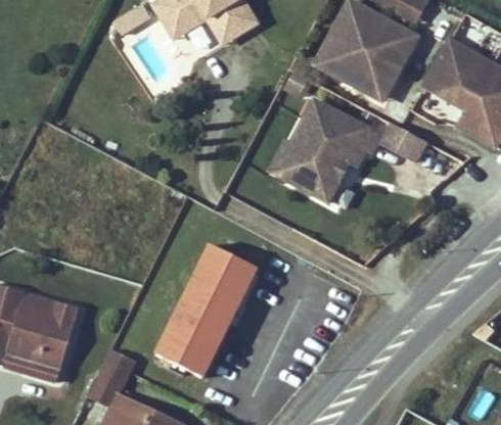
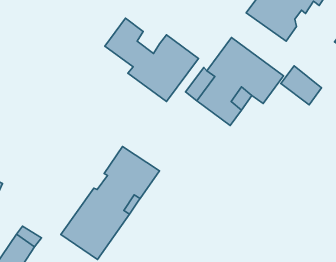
building: none -> [105,18,198,101]

